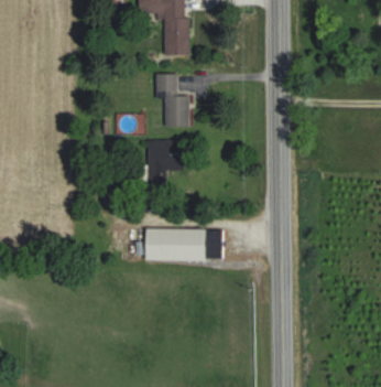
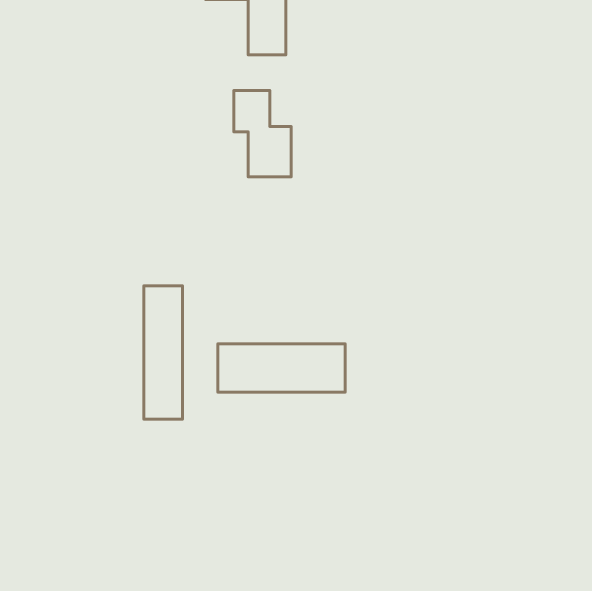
building: [146,141,184,183] -> none
building: none -> [144,286,183,419]

